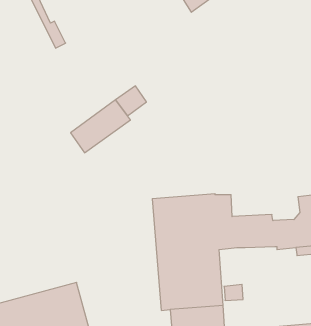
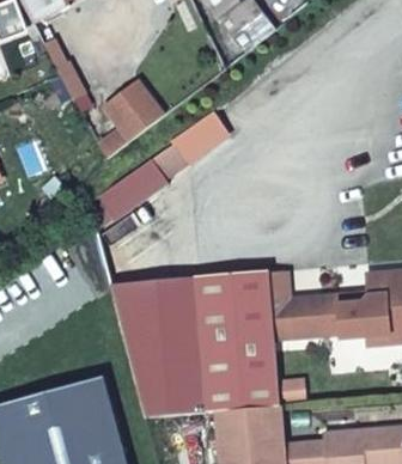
building: none -> [100,85,159,145]
building: none -> [170,112,224,161]
building: none -> [108,277,203,416]

